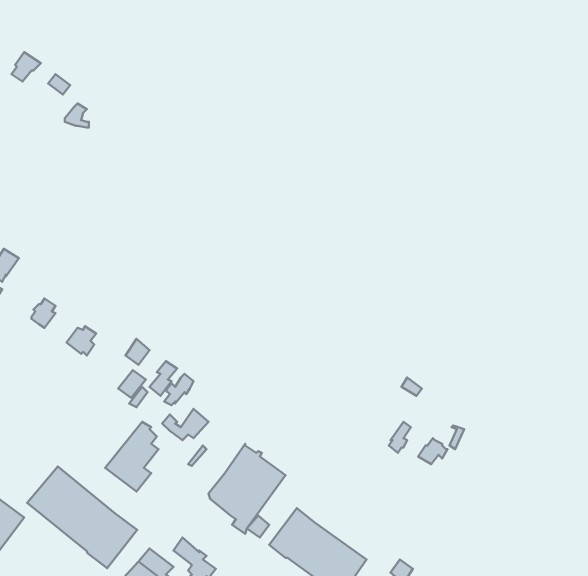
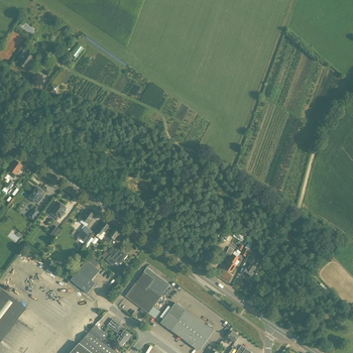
building: [27,466,137,568] -> none

